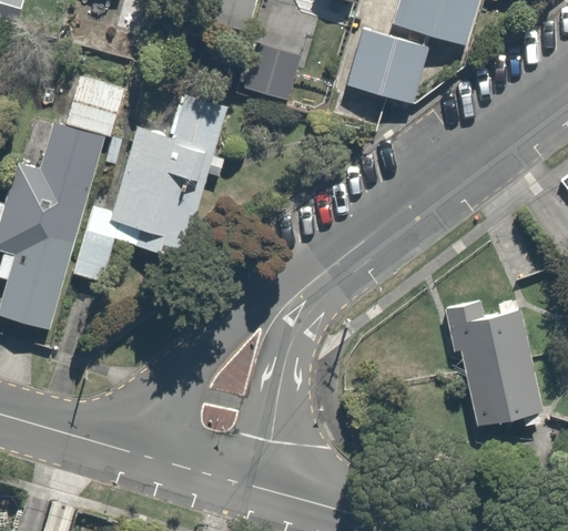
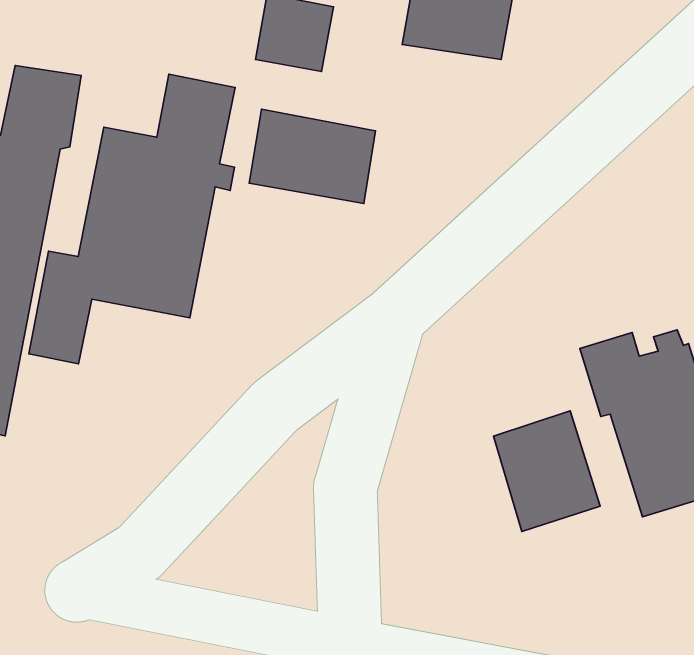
building: none -> [249,109,376,204]
building: none -> [493,411,600,532]

